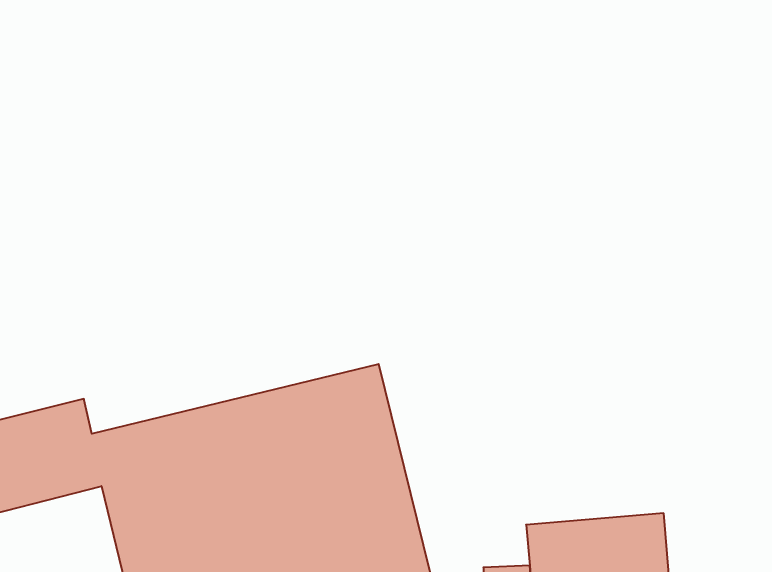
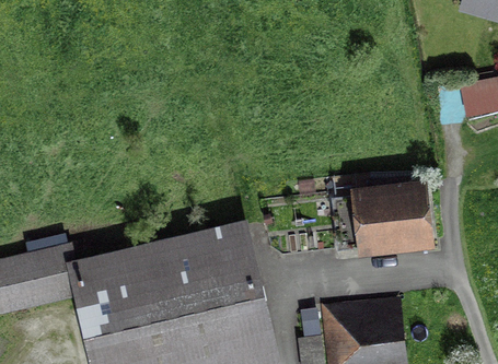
building: none -> [351,183,431,257]

